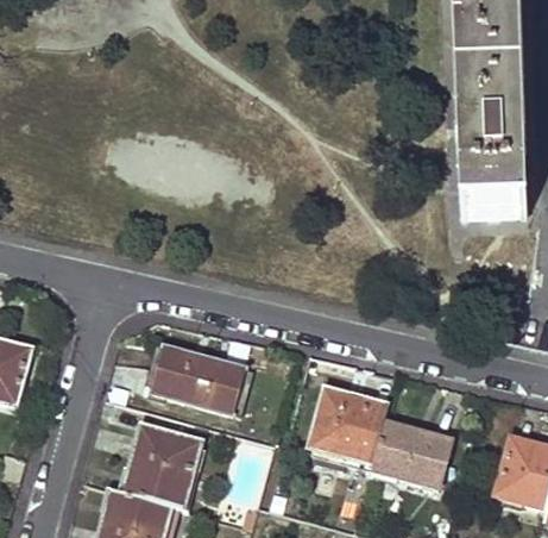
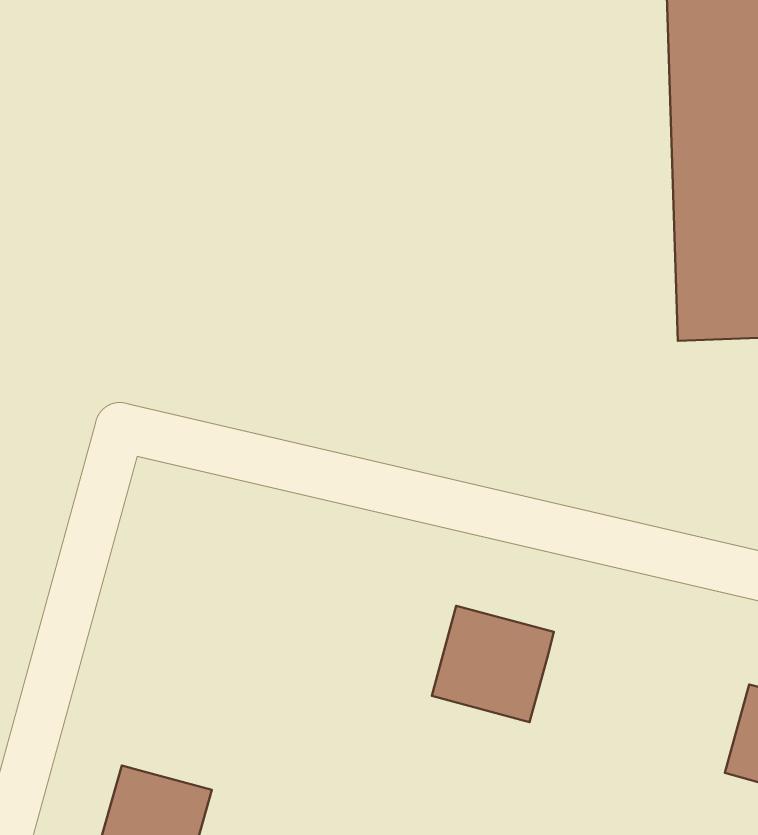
building: [158,350,250,417] -> none
building: [367,419,447,486] -> none
building: [124,428,197,508] -> none

